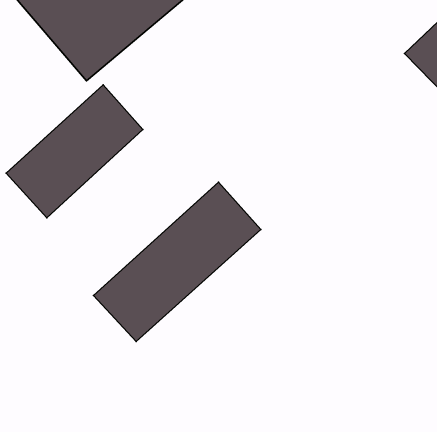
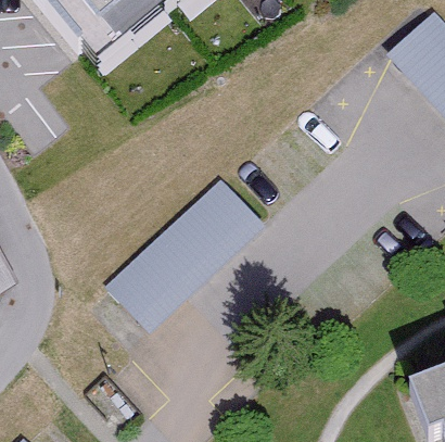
building: [6,85,143,218] -> none

